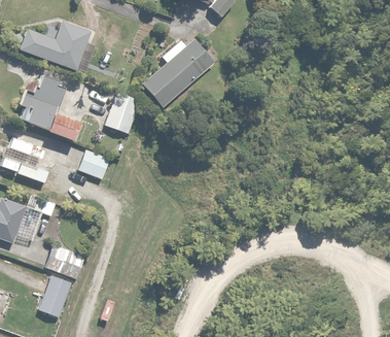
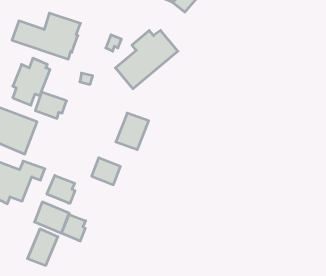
building: [104,91,143,134] -> [116,113,149,150]
building: [76,147,110,179] -> [92,158,120,185]
building: none -> [47,175,75,203]
building: none -> [61,215,86,241]

